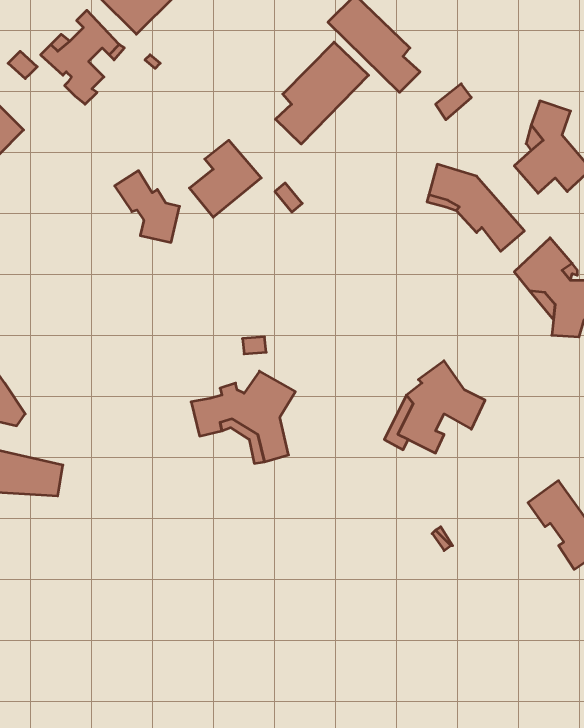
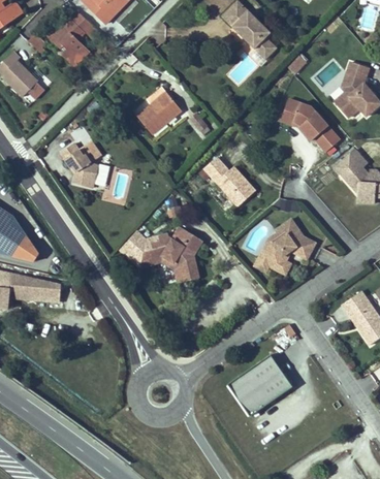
building: [275,42,369,144] -> none
building: [115,171,180,242] -> [60,141,99,185]
building: none -> [205,158,256,207]
building: none -> [226,353,292,416]

